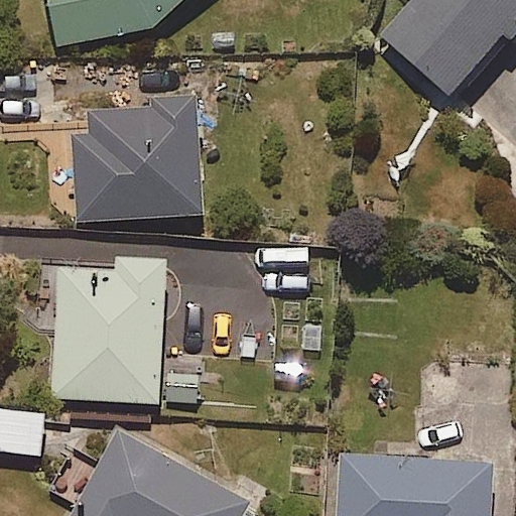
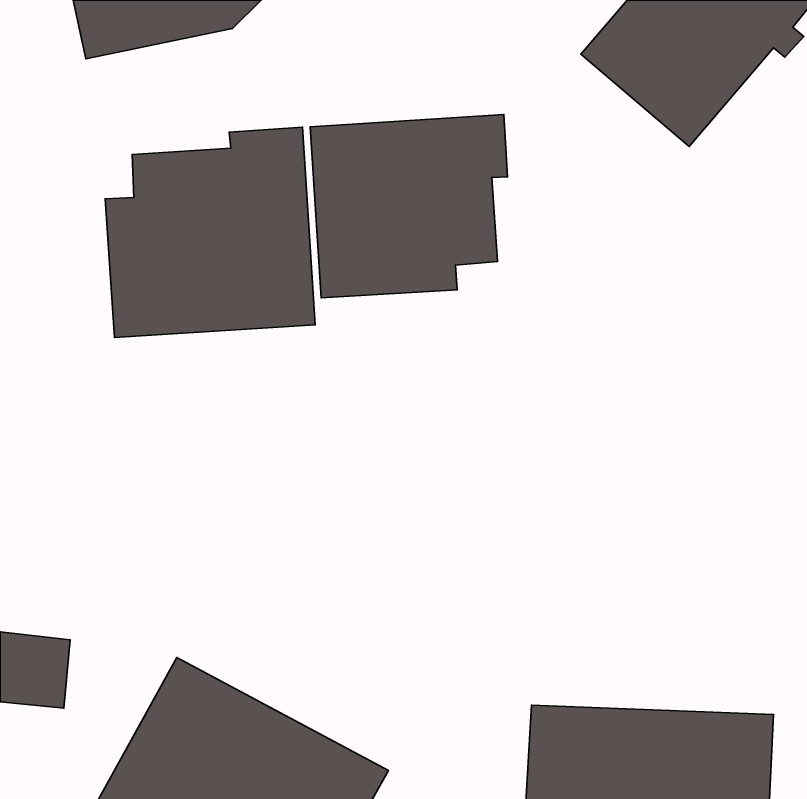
building: none -> [310,114,508,298]
building: [49,252,168,407] -> none

